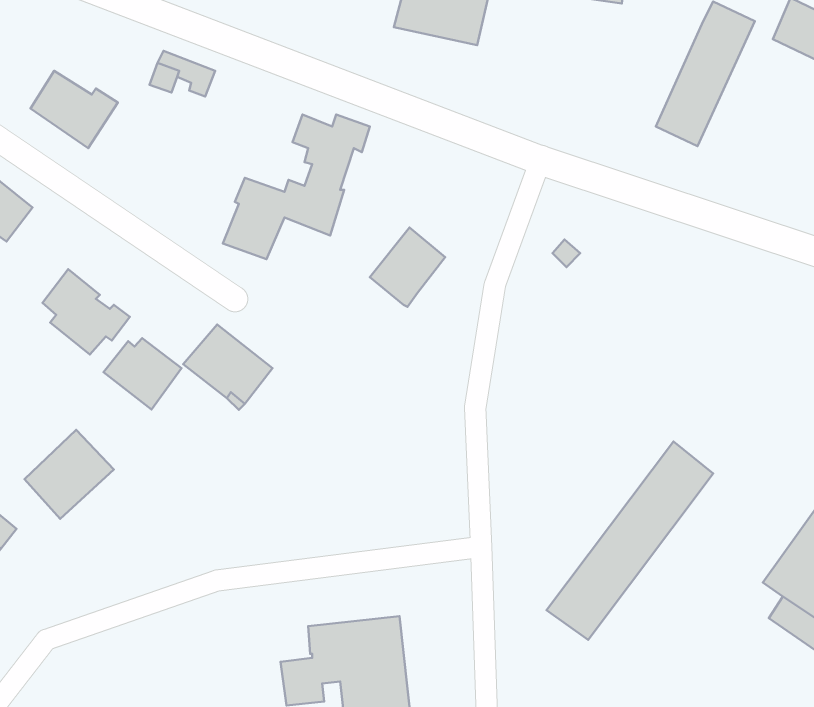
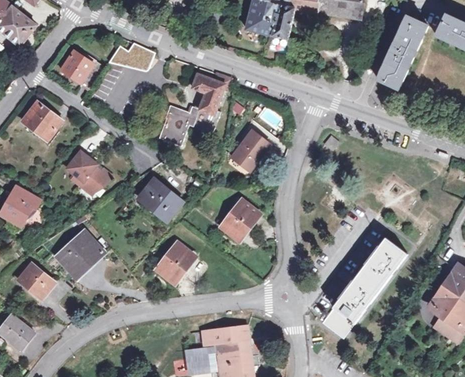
building: [103,338,181,410] -> none
building: none -> [221,199,260,241]
building: none -> [156,242,195,284]

